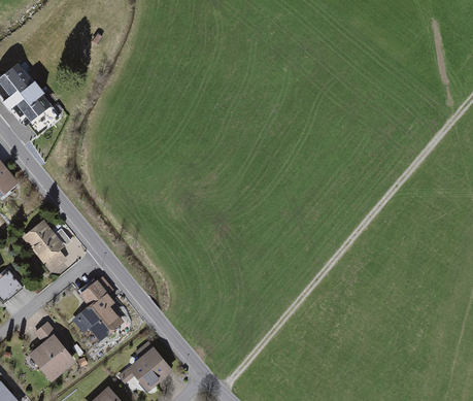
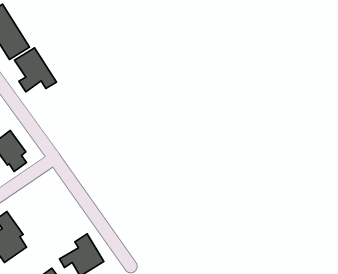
building: none -> [15,48,57,92]
building: [64,282,123,346] -> none

